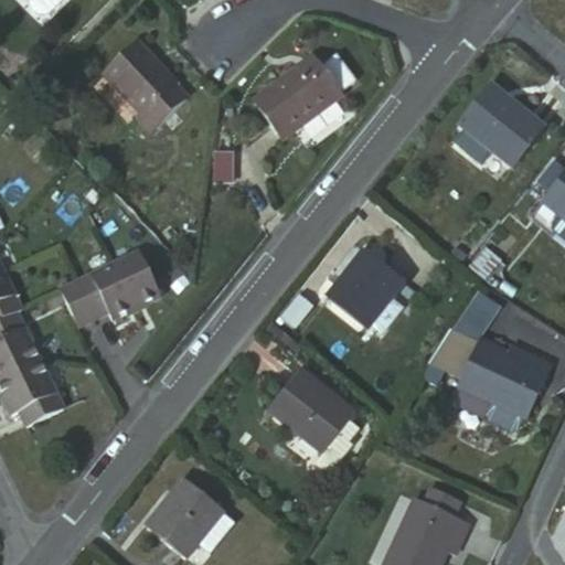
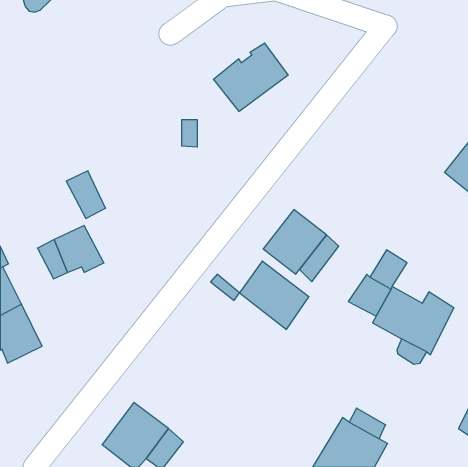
building: [113,42,199,137] -> none
building: [457,81,543,166] -> none
building: [111,254,158,310] -> [66,171,106,218]
building: [271,366,353,447] -> [240,261,309,329]

